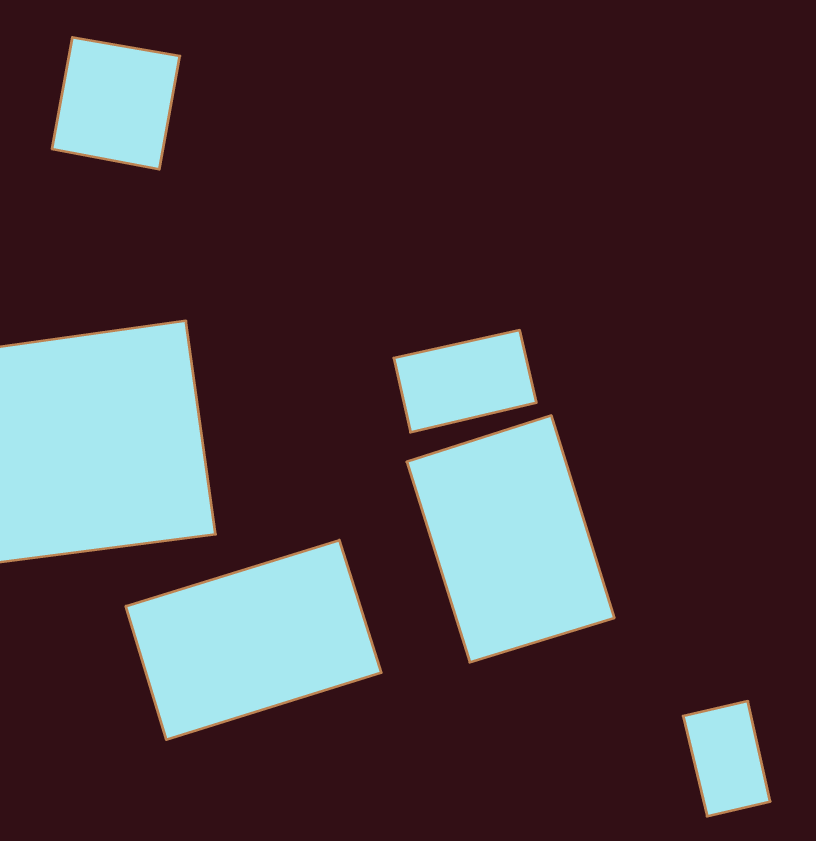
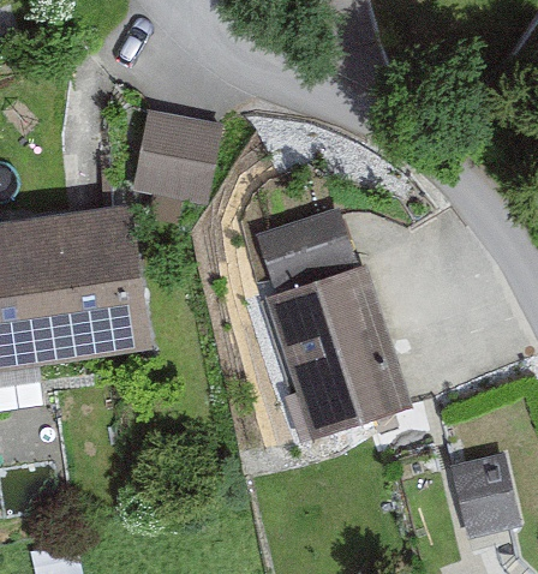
building: [52,37,180,169] -> [134,118,217,203]
building: [126,540,381,740] -> none

